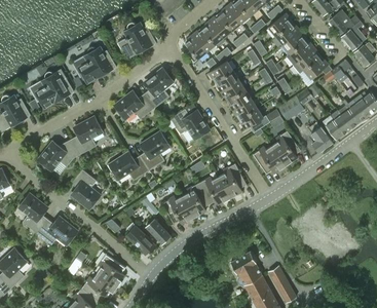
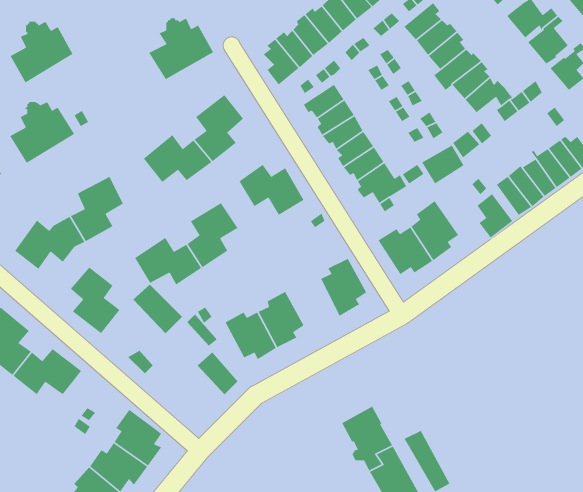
building: [78,46,116,83] -> [9,21,74,84]
building: [198,176,230,204] -> none
building: [125,225,155,255] -> [133,284,183,334]

